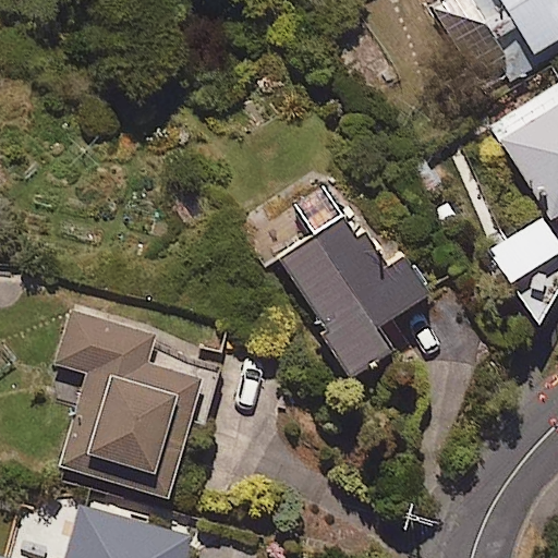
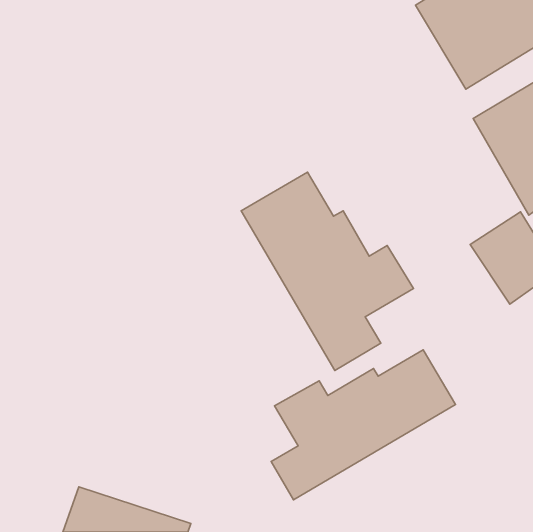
building: [51,312,221,487] -> none
building: none -> [271,350,455,500]

